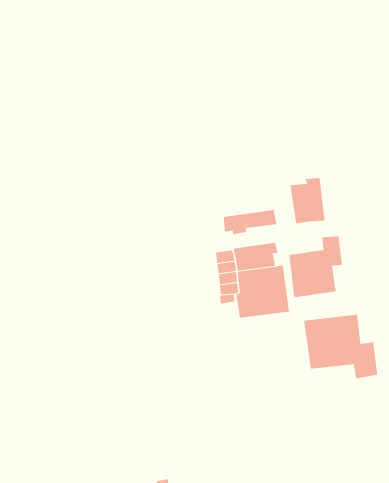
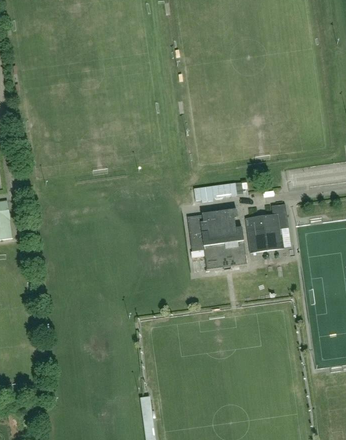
building: [290,177,325,224] -> none
building: [303,314,378,379] -> none

